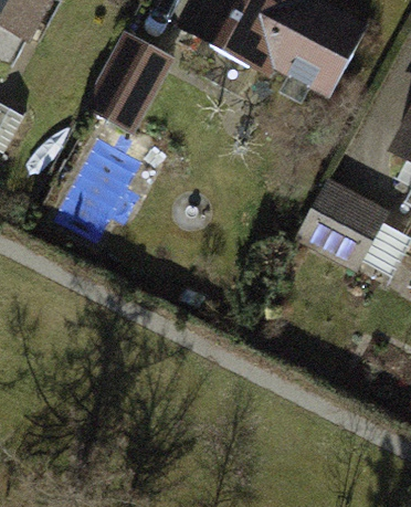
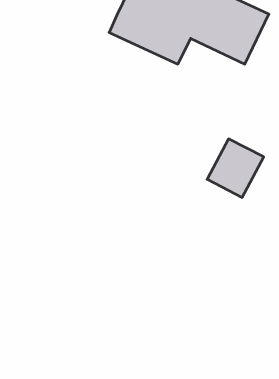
building: [91,31,169,119] -> none

